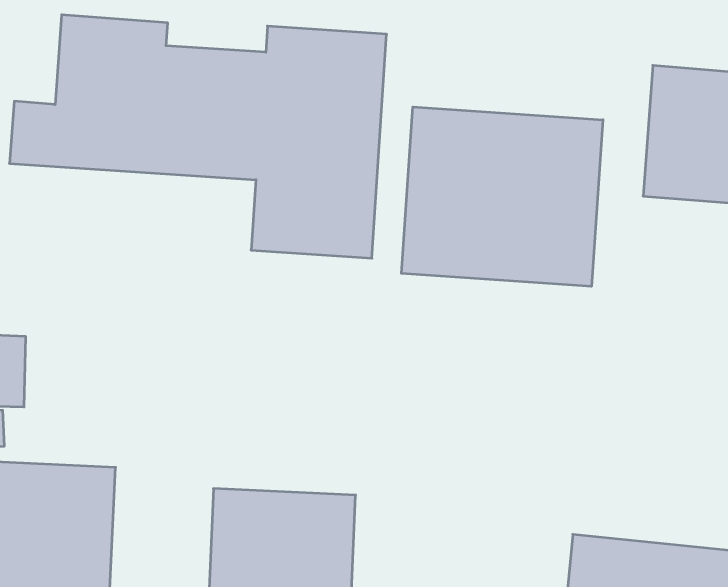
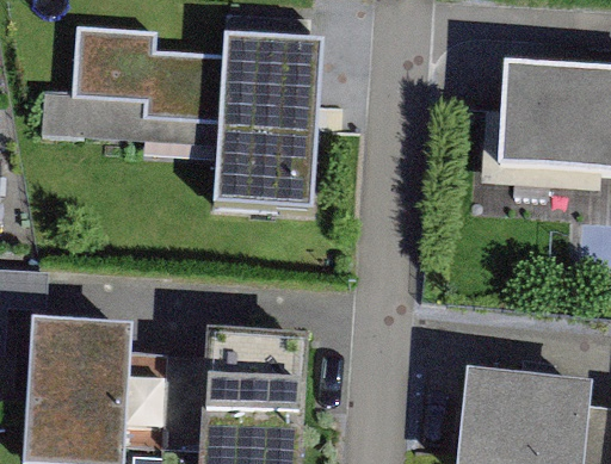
building: [401,107,603,286] -> none

